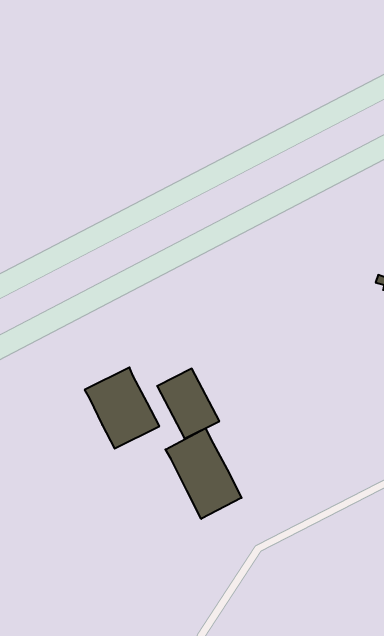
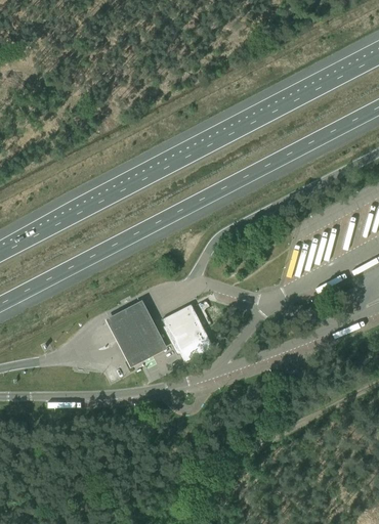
building: [165,428,242,519] -> none

